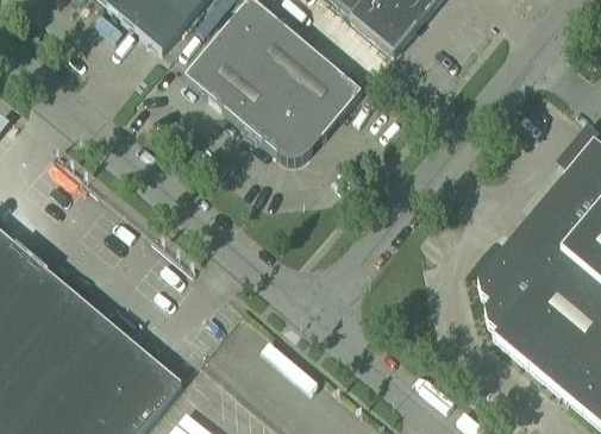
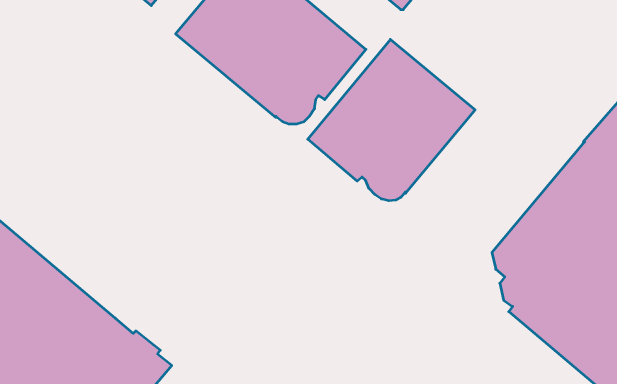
building: none -> [308,39,475,201]

